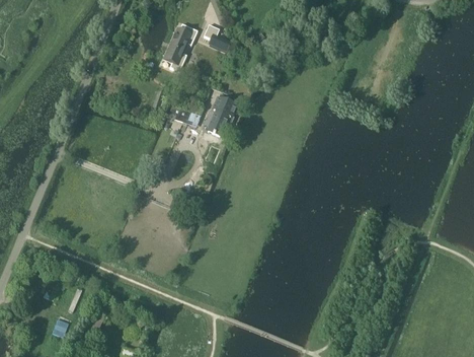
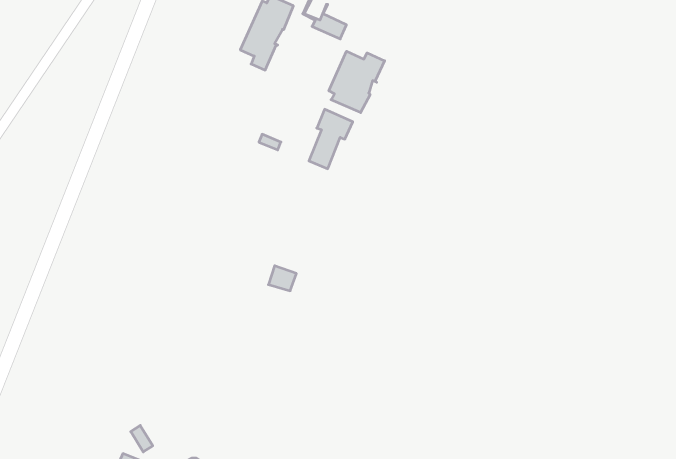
building: none -> [329,51,385,113]

